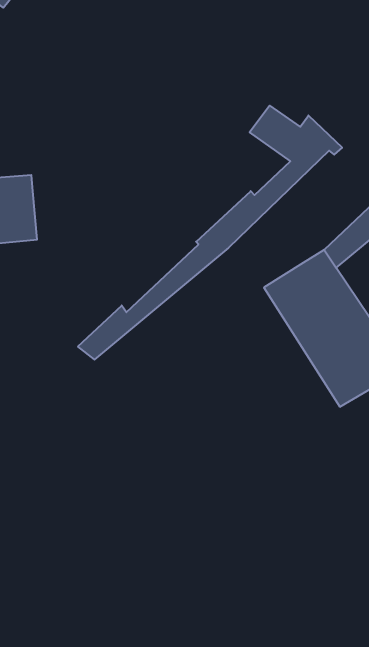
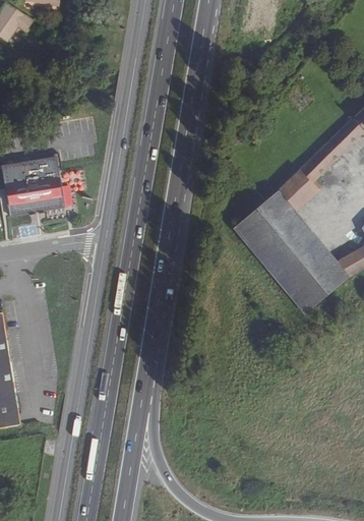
building: [78,106,342,360] -> none

